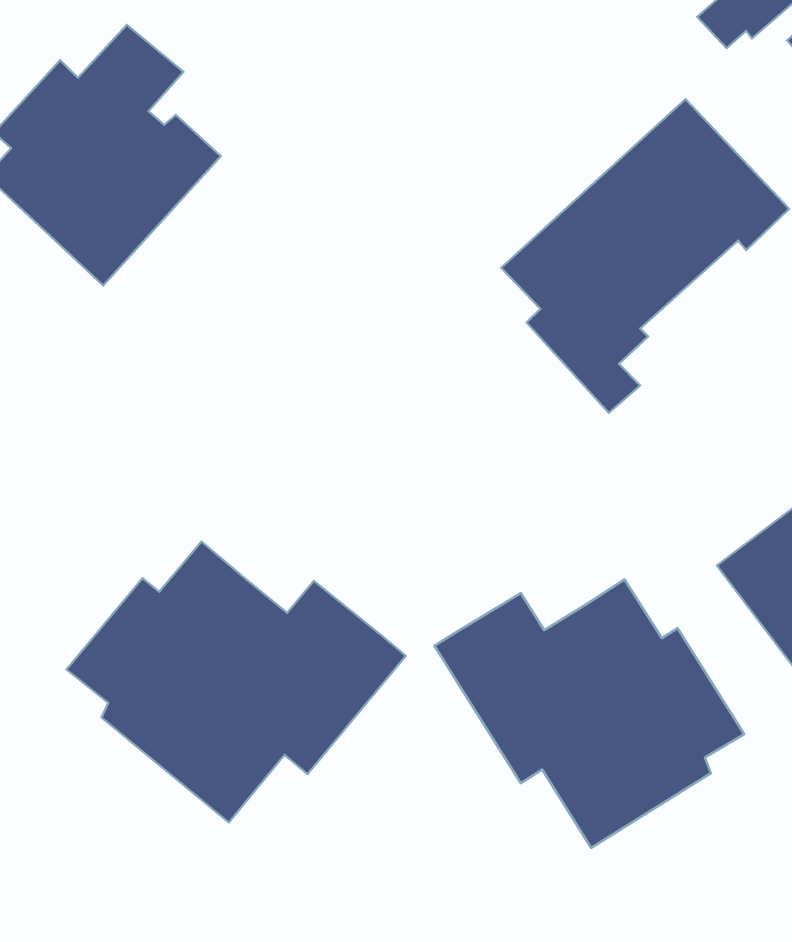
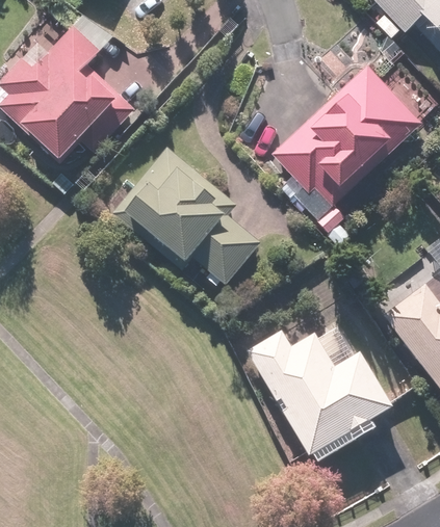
building: none -> [113,149,261,281]
building: [66,541,406,822] -> none

